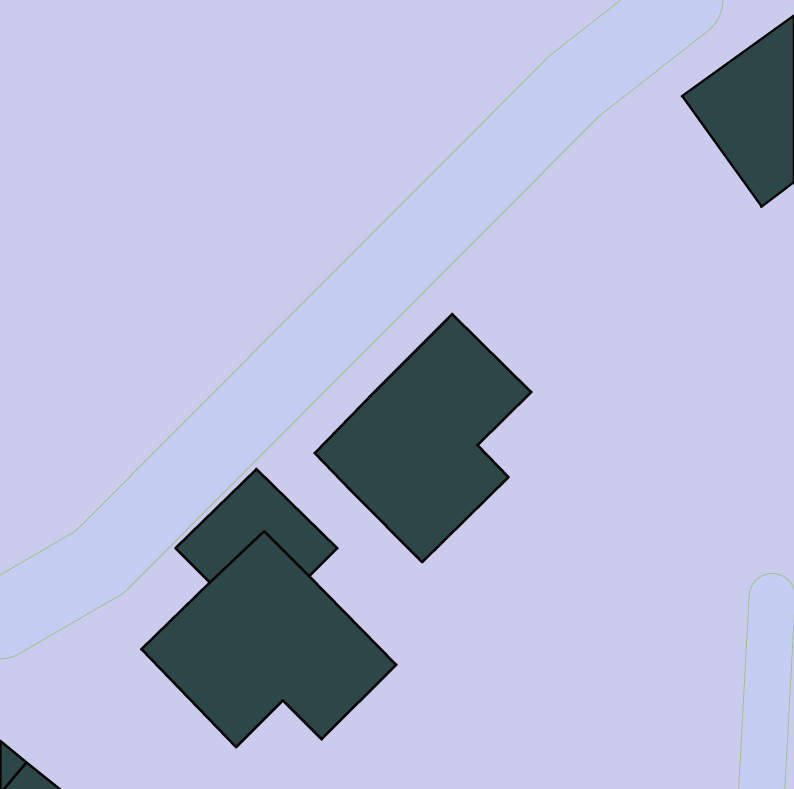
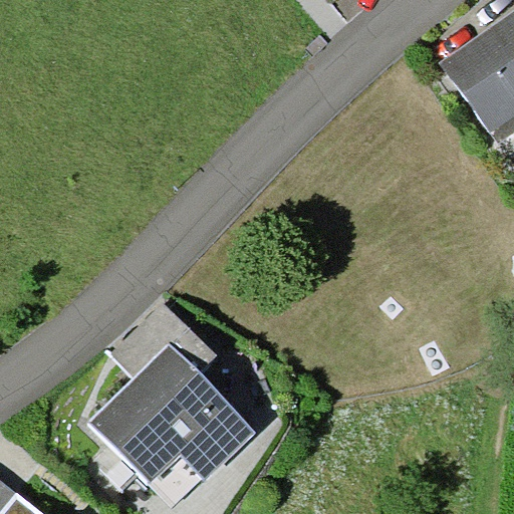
building: [315,314,531,562] -> none

